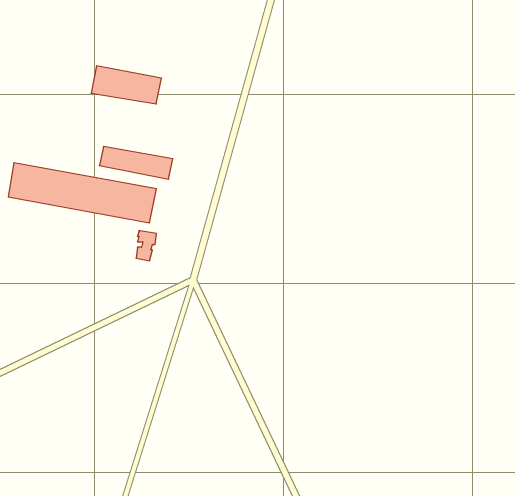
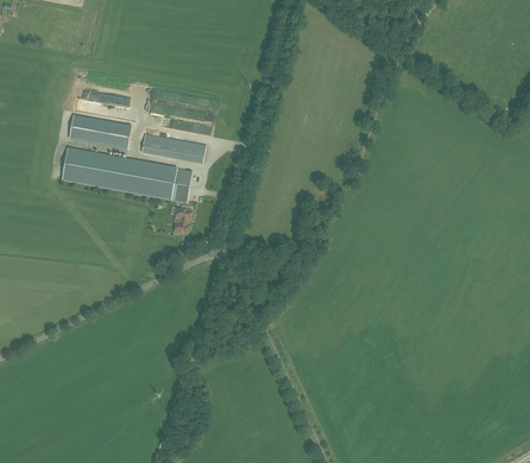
building: [91,66,162,104] -> [68,115,130,148]

